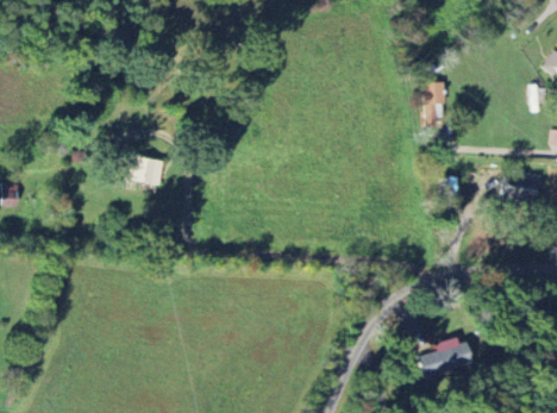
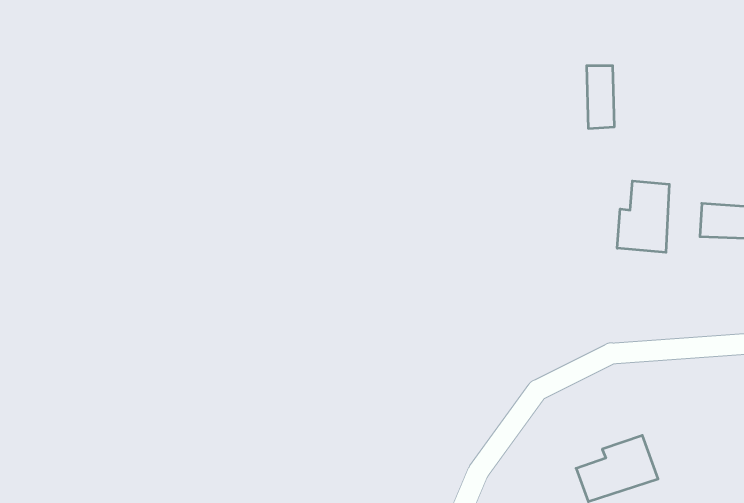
building: [125,156,161,183] -> none
building: none -> [617,181,669,252]

